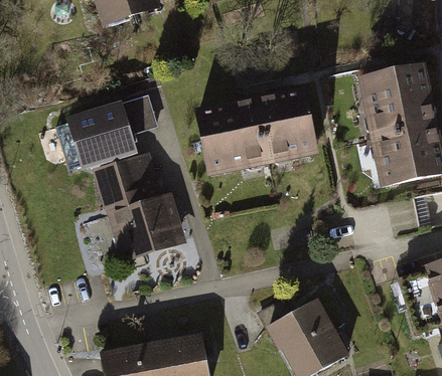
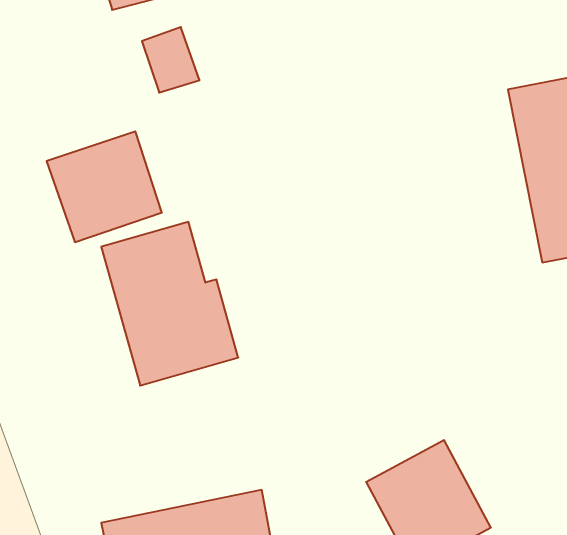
building: [192,85,316,178] -> none
building: [127,97,164,139] -> [142,27,200,93]

